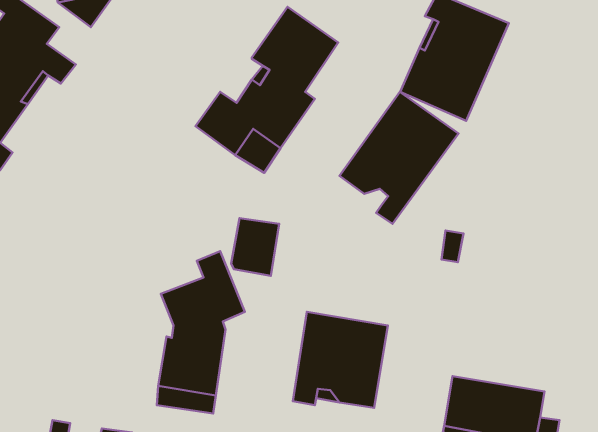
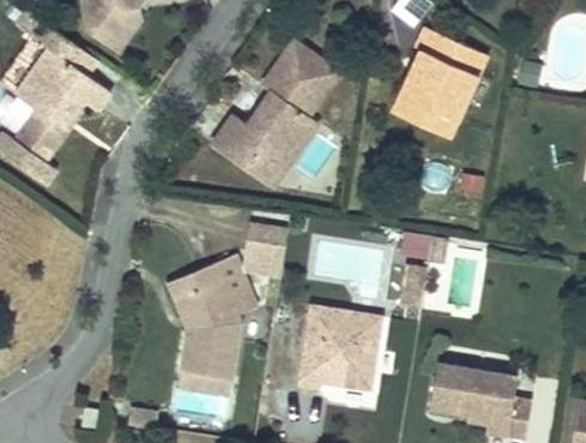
building: [339,92,459,224] -> none
building: none -> [168,261,219,328]

